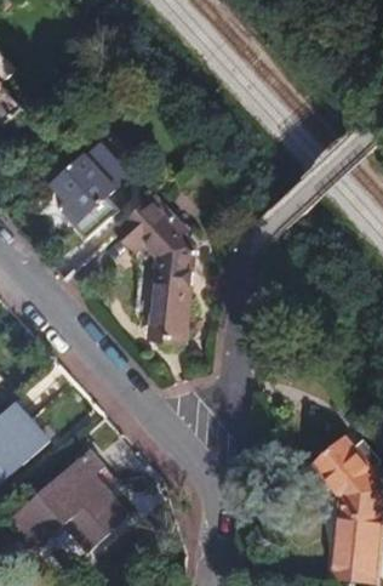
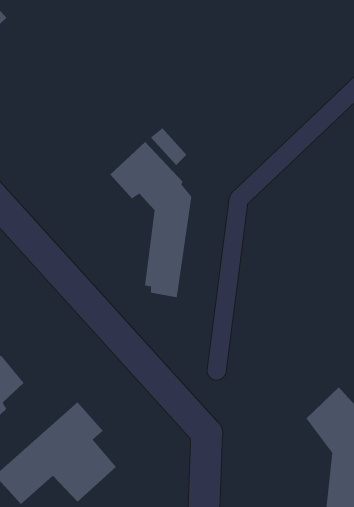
building: [53,153,115,239] -> none

